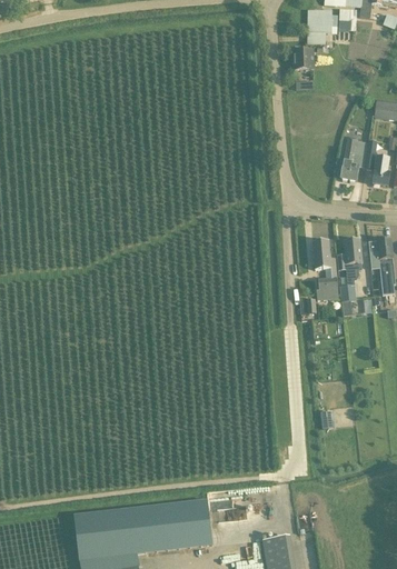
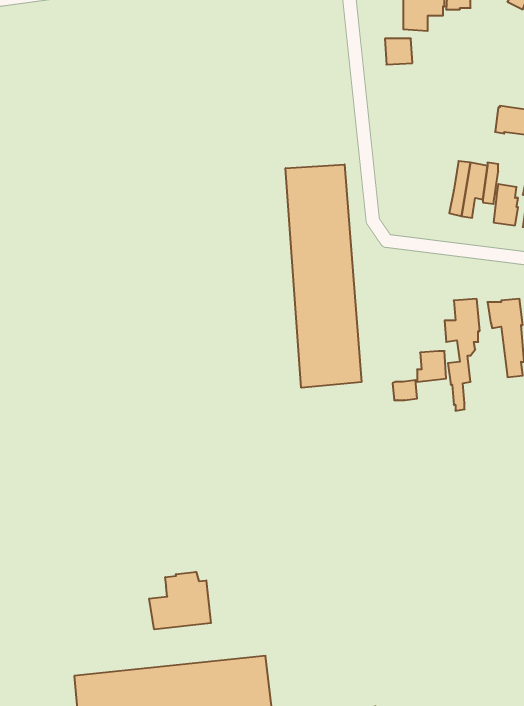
building: none -> [286,164,361,388]
building: [314,239,337,277] -> none
building: none -> [149,572,211,629]

